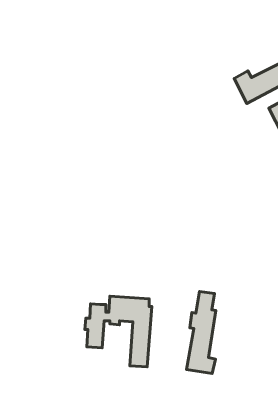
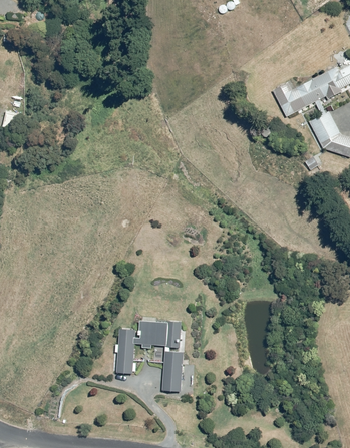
building: [187,292,216,374] -> none

